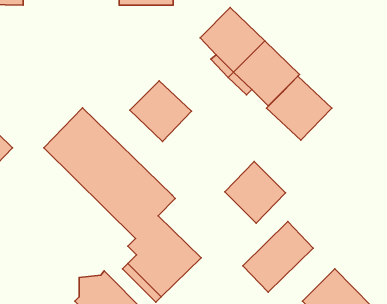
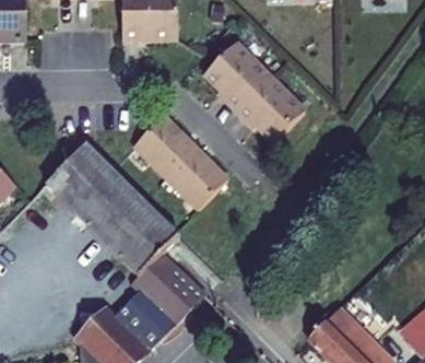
building: [267,76,332,140] -> none
building: [225,162,285,223] -> [166,147,227,209]
building: [243,222,313,292] -> none

